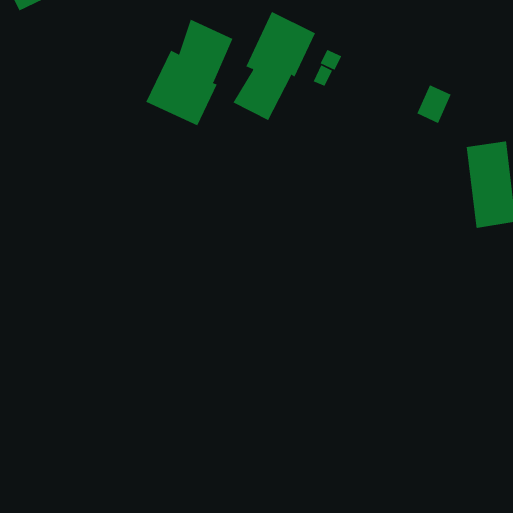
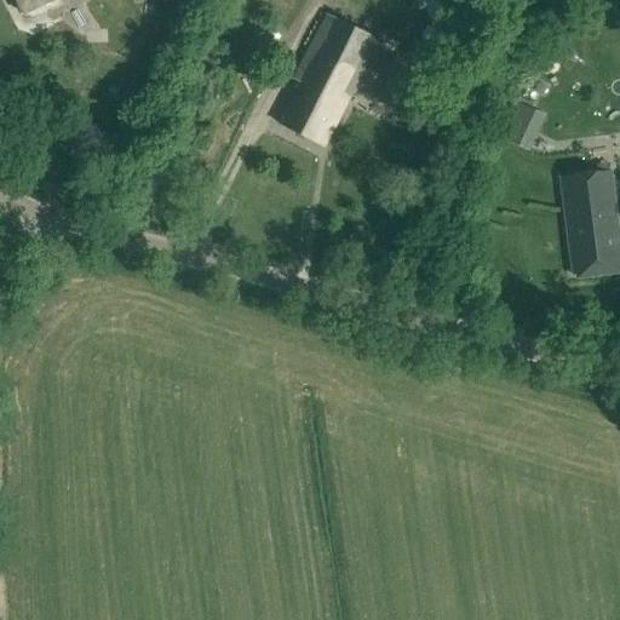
building: [146,19,233,126] -> none

